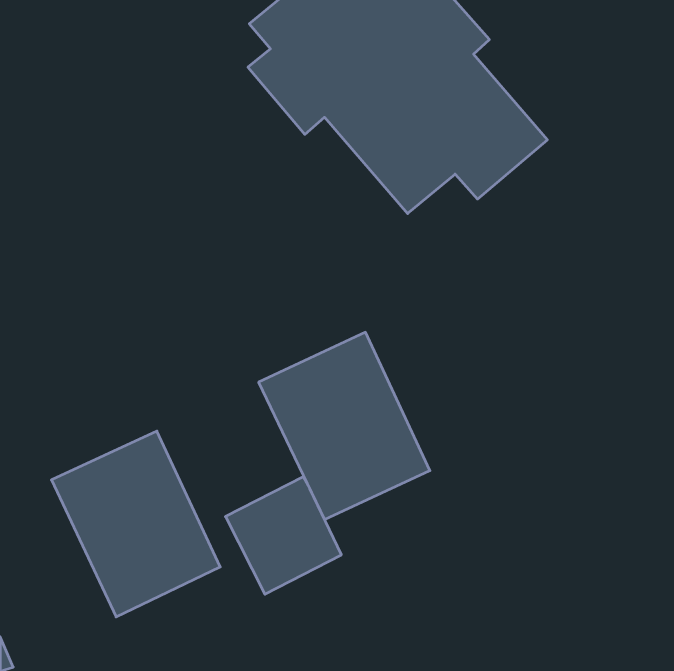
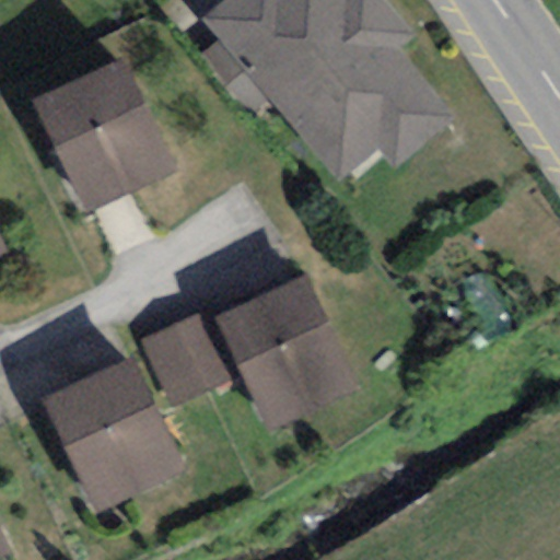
building: none -> [31,56,176,213]
building: [225,477,341,594] -> [144,307,241,405]

